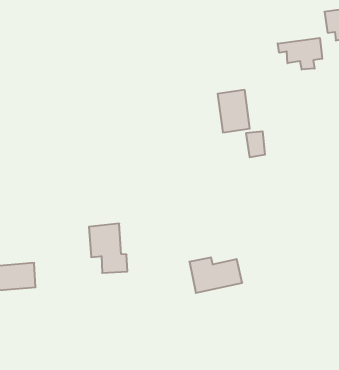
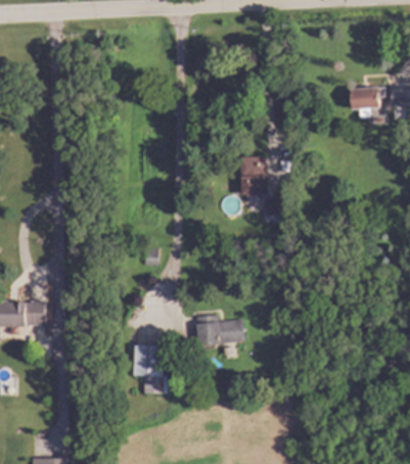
building: [278,38,322,70] -> none
building: [89,224,127,273] -> [133,346,168,393]

